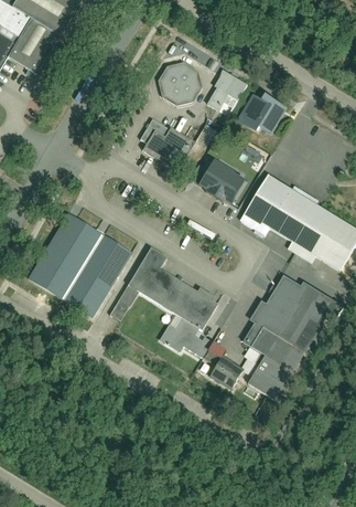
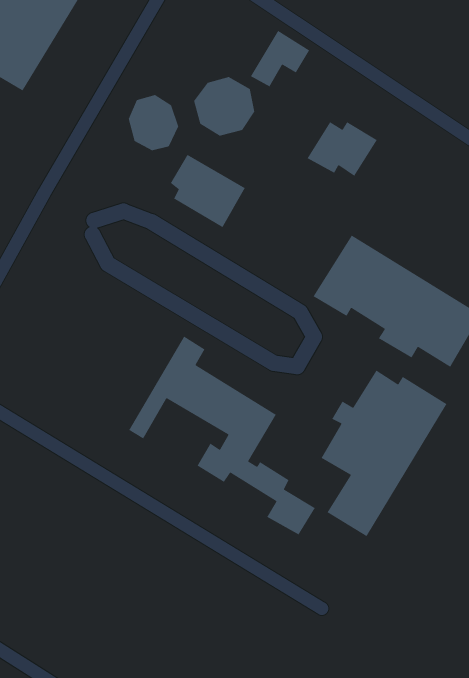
building: [204,70,247,110] -> [250,30,310,87]
building: none -> [128,94,179,151]
building: [196,160,246,205] -> none
building: [28,213,130,316] -> none

